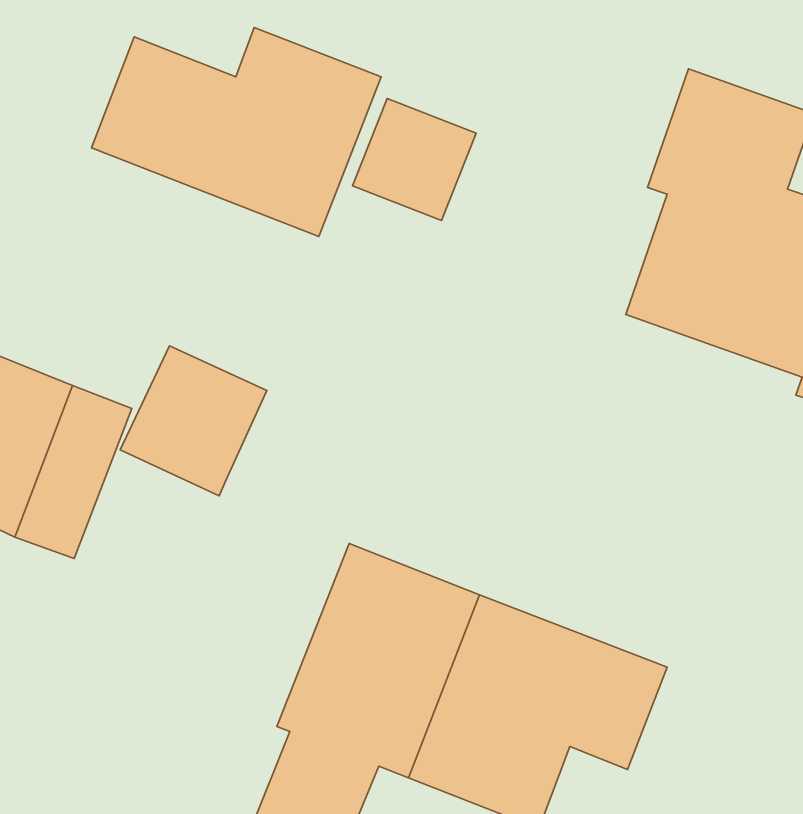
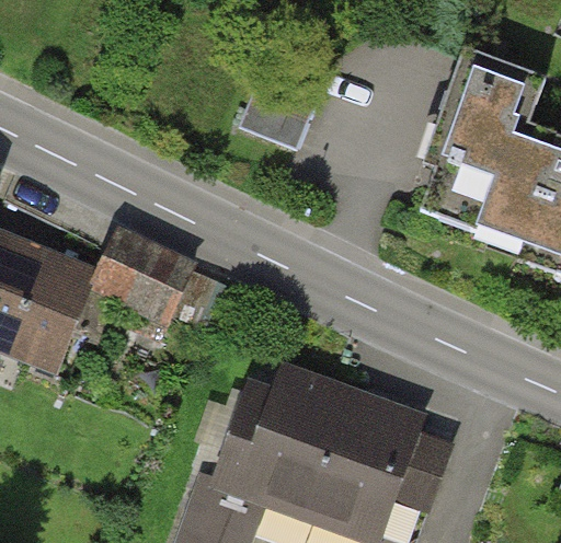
building: [92,27,381,236] -> none

